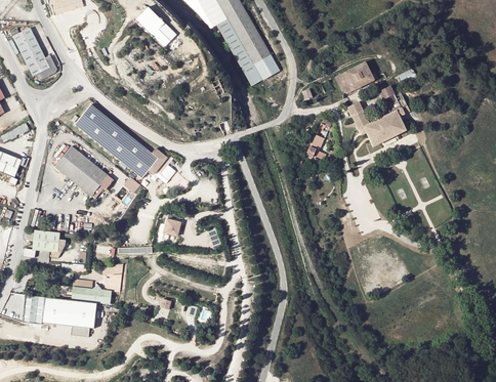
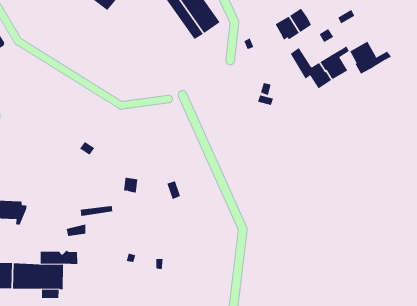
building: none -> [350,41,392,75]
building: [74,103,166,178] -> none
building: [52,144,112,199] -> none

